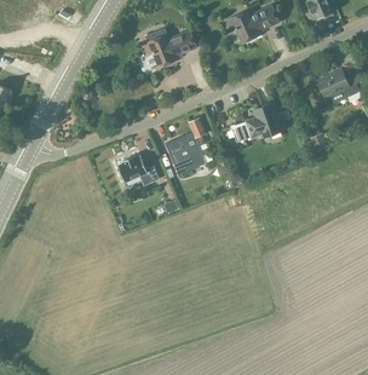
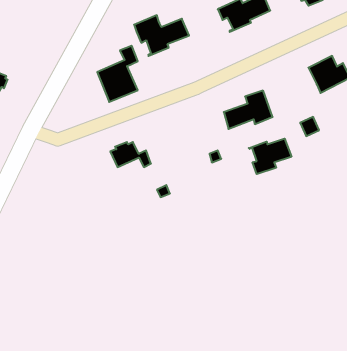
building: [166,117,207,174] -> [97,46,138,102]
building: none -> [249,139,291,174]

